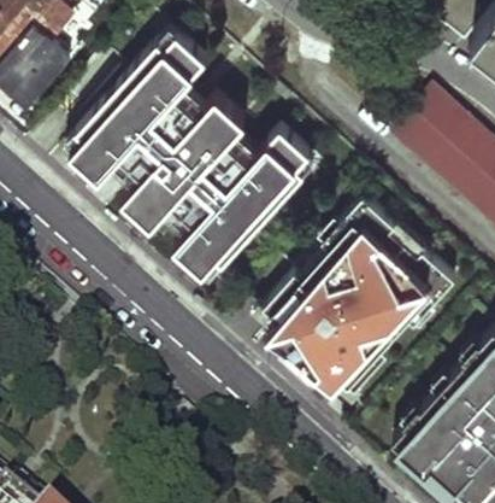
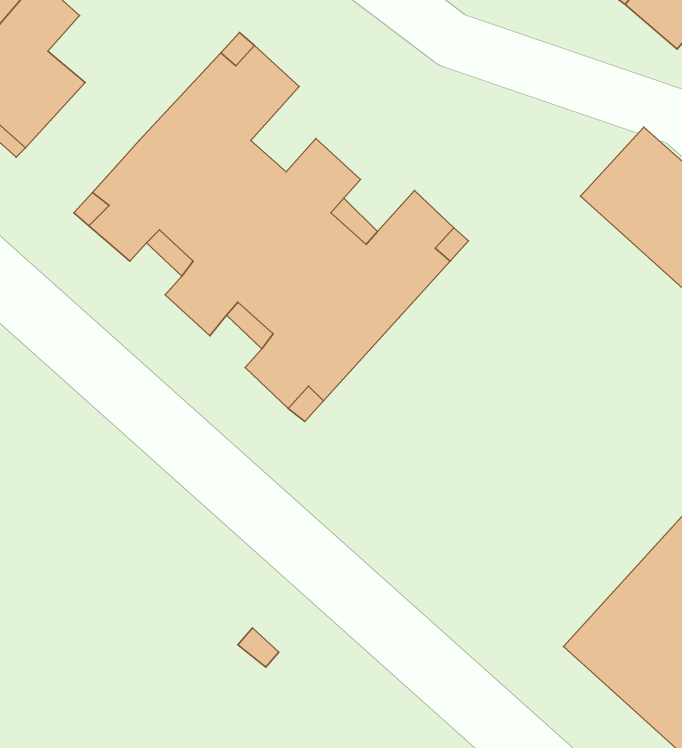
building: [269,227,428,390] -> none

